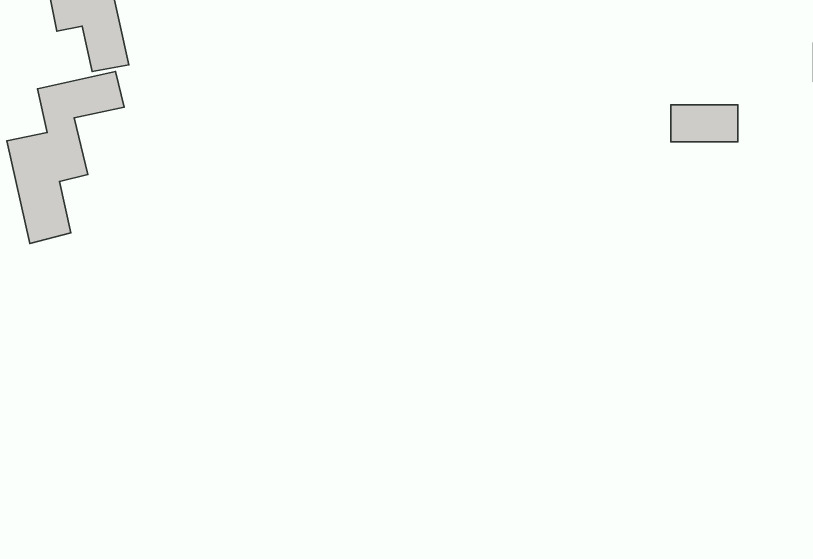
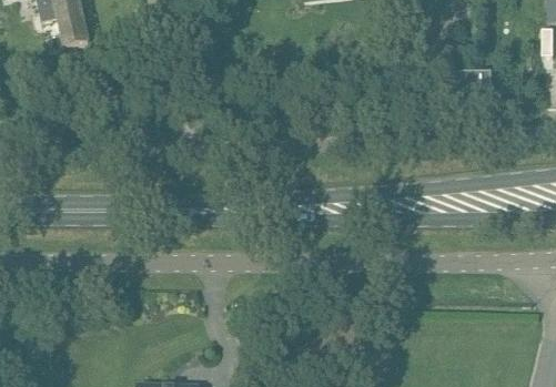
building: [7,71,124,244] -> none

